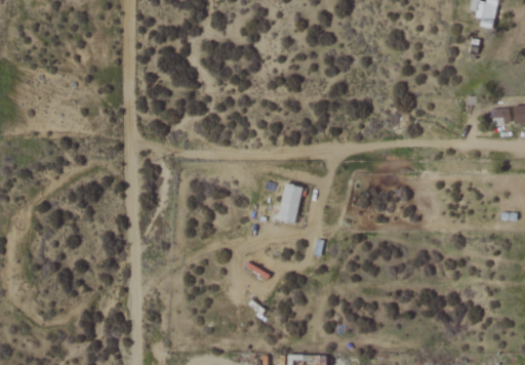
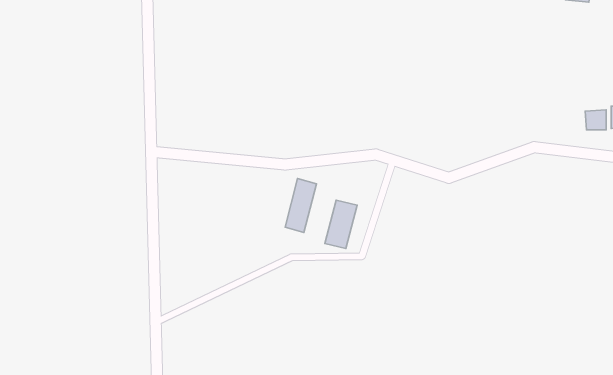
building: none -> [285,179,316,232]

